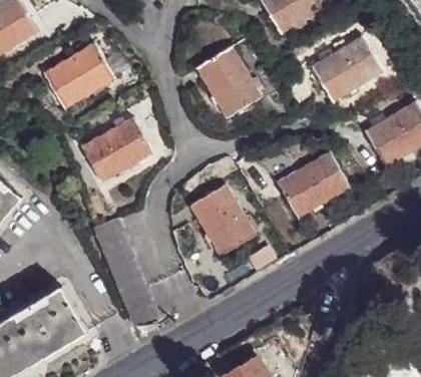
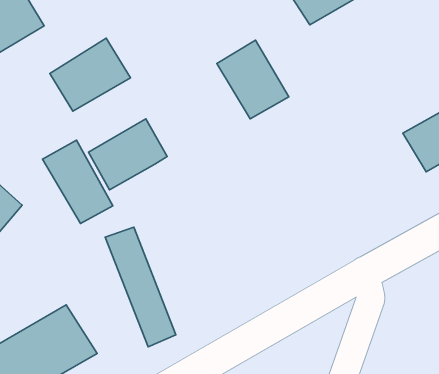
building: [314,36,384,99] -> none
building: none -> [43,140,113,224]
building: [279,152,350,217] -> none
building: [192,183,256,255] -> none

